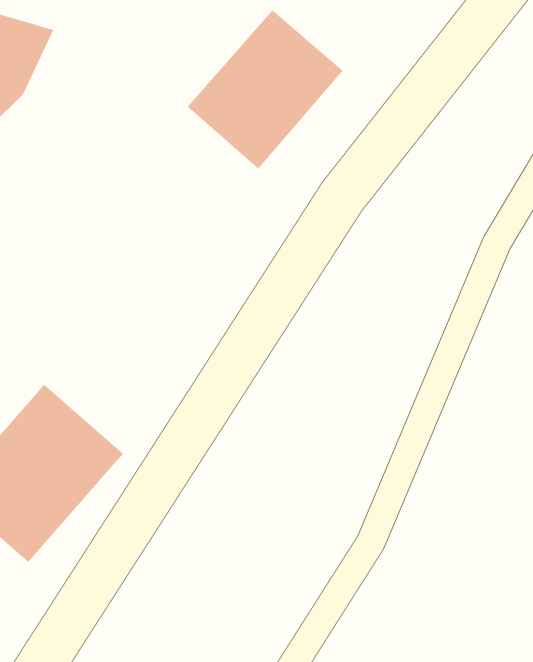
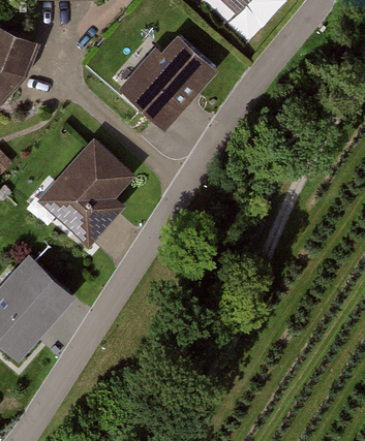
building: none -> [36,140,135,242]

